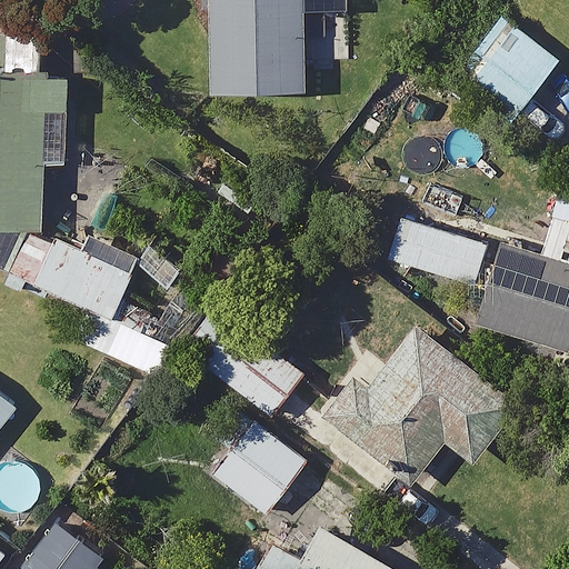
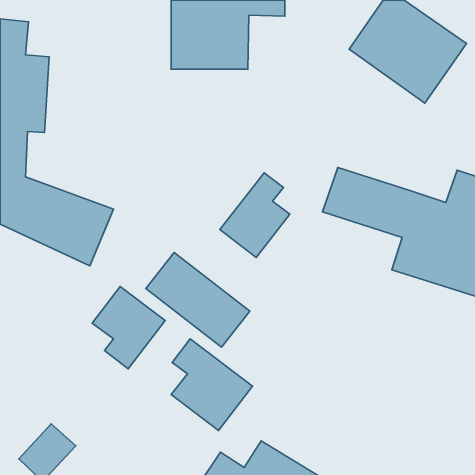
building: none -> [220,173,290,257]
building: [321,327,518,483] -> none
building: none -> [92,286,165,369]

